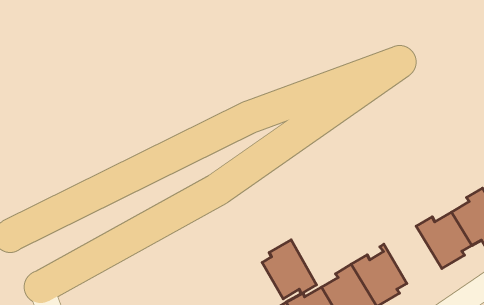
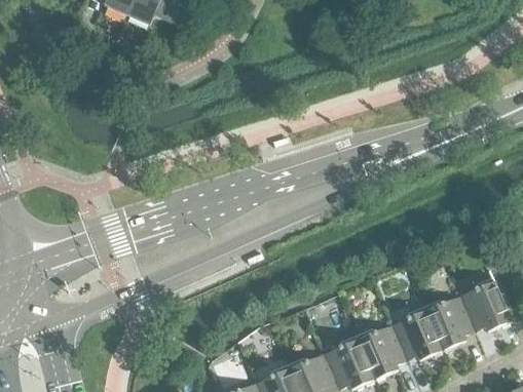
building: none -> [388,306,442,360]
building: [262,240,317,299] -> none

